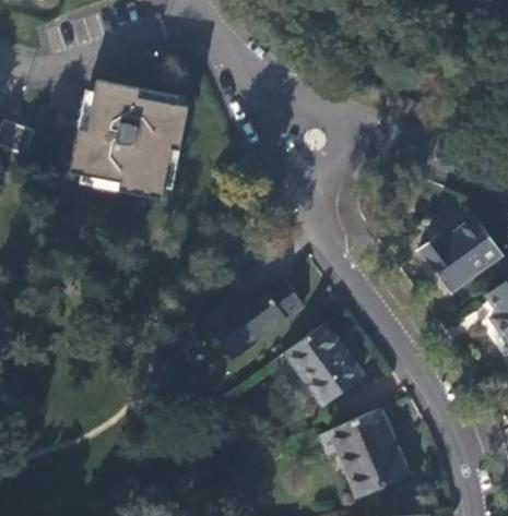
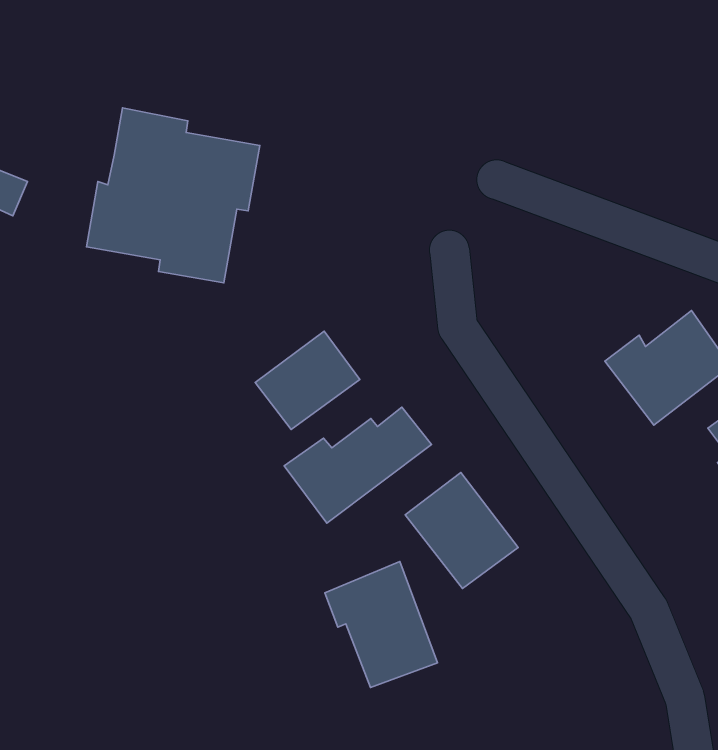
building: none -> [255,331,360,429]
building: [332,409,407,493] -> [325,562,437,688]

